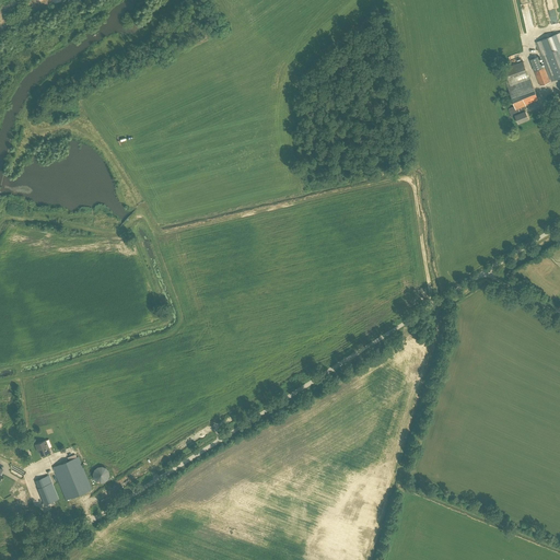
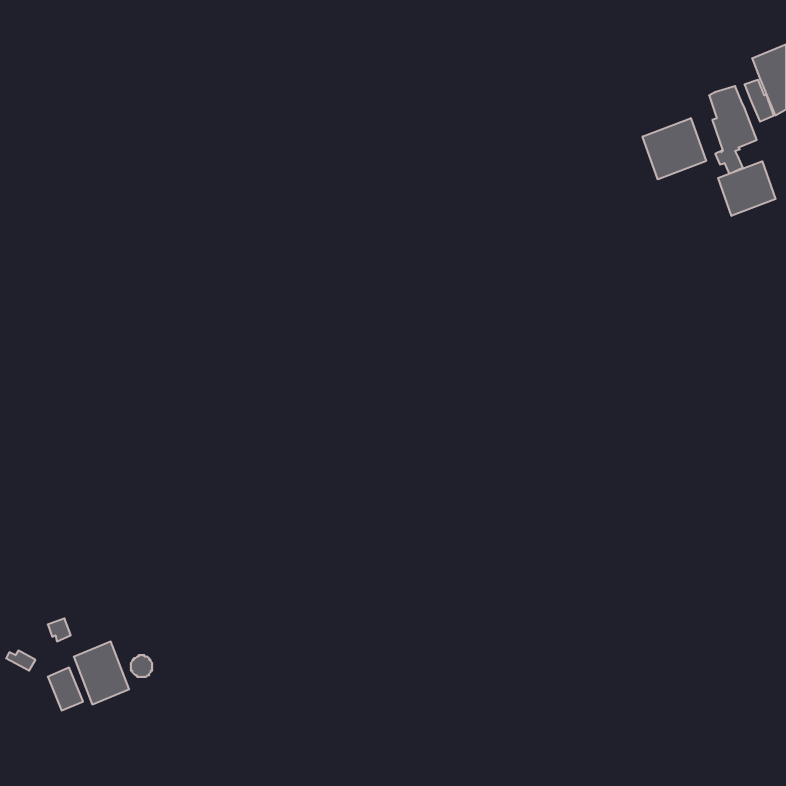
building: none -> [643,118,706,179]
building: none -> [718,161,776,216]

